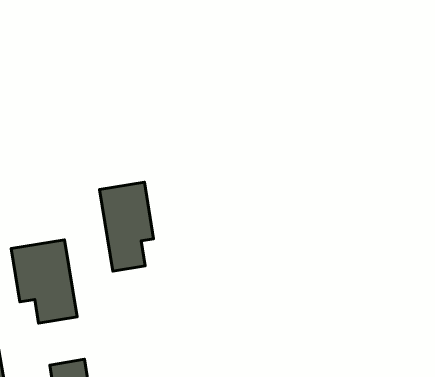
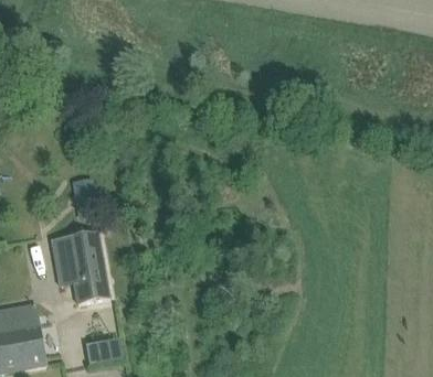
building: [100,182,154,271] -> none

